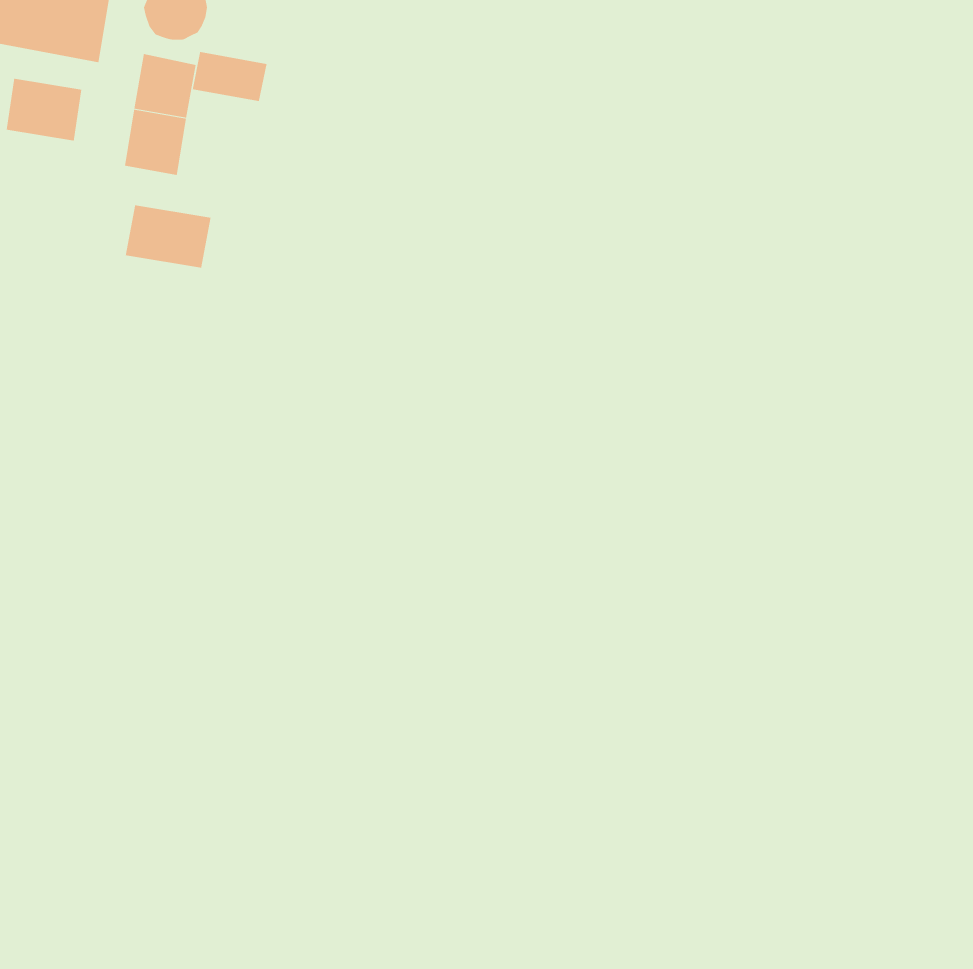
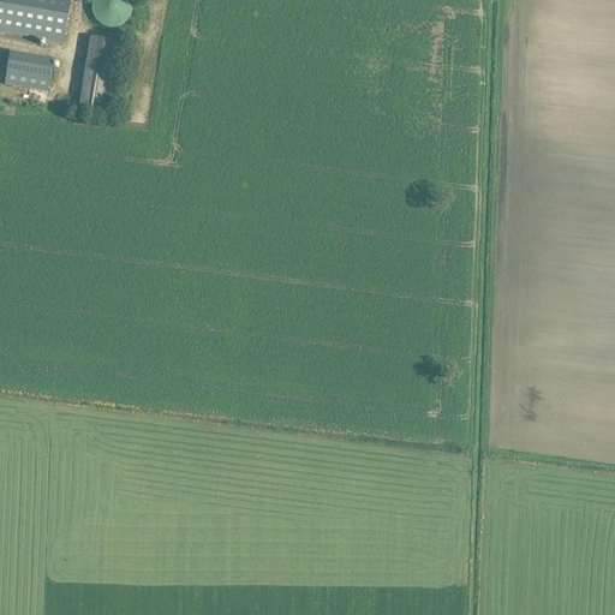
building: [192,51,267,102] -> none
building: [125,204,211,268] -> none

